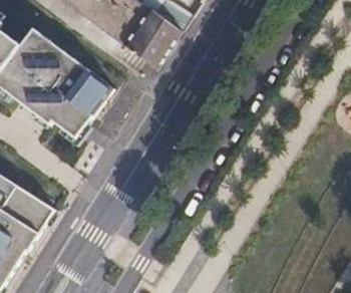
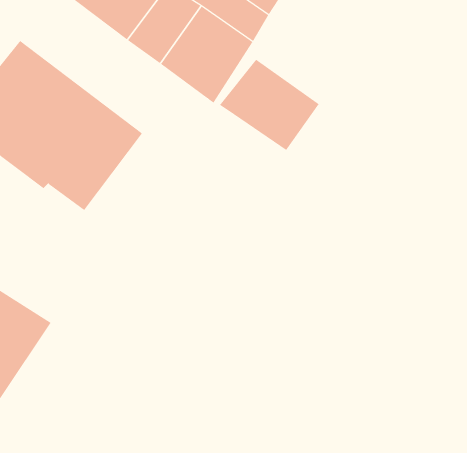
building: none -> [219,59,319,151]

